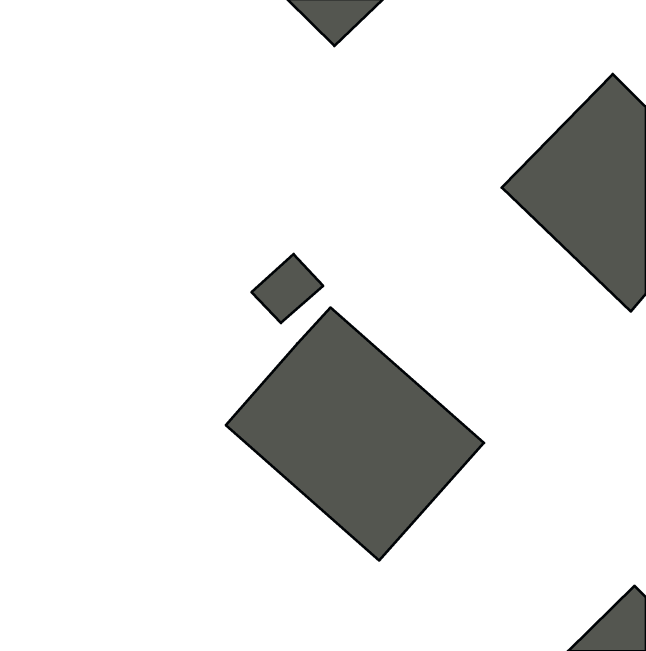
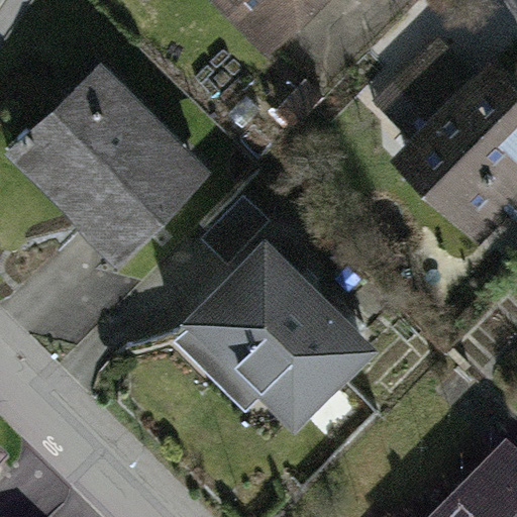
building: none -> [21,68,196,242]

